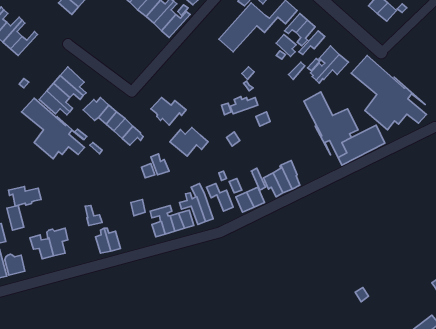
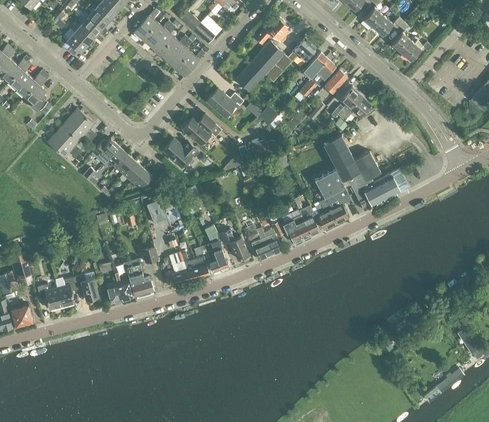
building: none -> [24,74,48,111]
building: none -> [206,89,243,117]
building: [351,56,426,130] -> none
building: [22,98,85,159] -> none
building: none -> [314,170,351,230]
building: [170,127,208,156] -> [182,115,222,145]
building: [8,187,41,206] -> none
building: none -> [123,259,153,298]
building: none -> [73,272,98,300]

